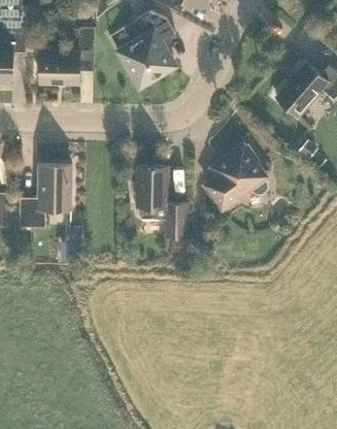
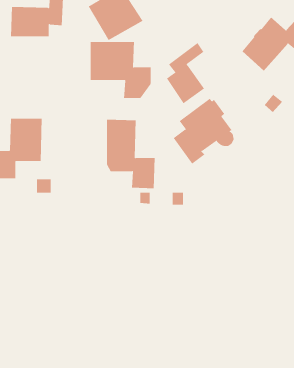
building: none -> [90,41,151,99]
building: none -> [166,42,205,104]

